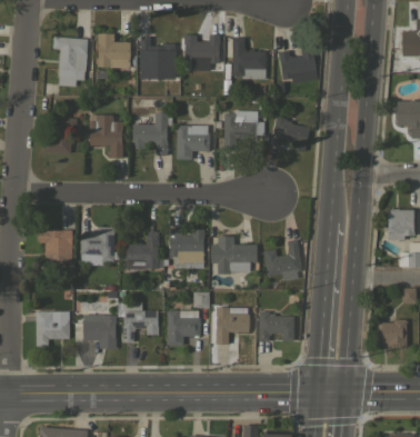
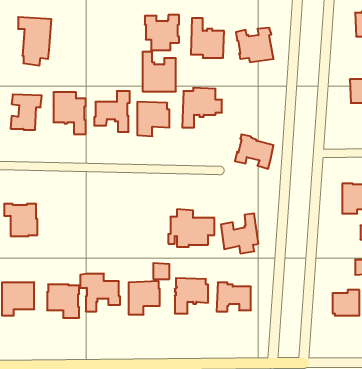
building: [98,33,131,68] -> none
building: [141,37,176,78] -> [143,52,176,91]
building: [270,117,310,152] -> [235,134,274,169]
building: [81,227,120,266] -> none
building: [169,229,204,268] -> none
building: [126,231,164,269] -> none

